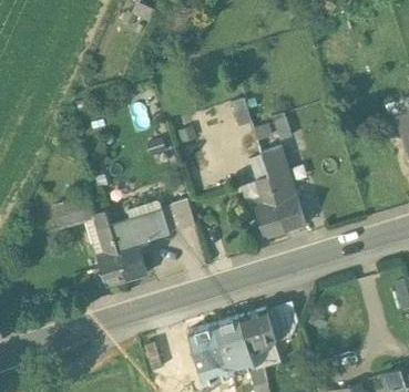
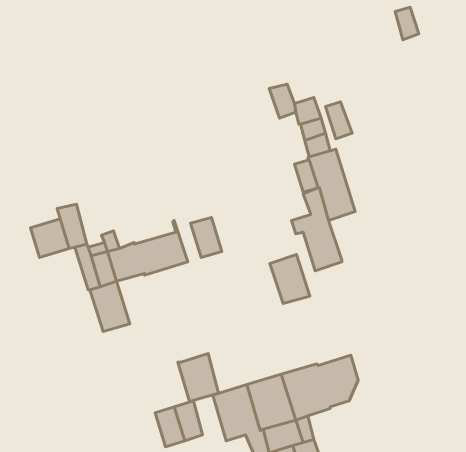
building: [275,195,305,231] -> [270,255,310,303]
building: [116,241,146,279] -> none
building: none -> [178,354,219,401]

